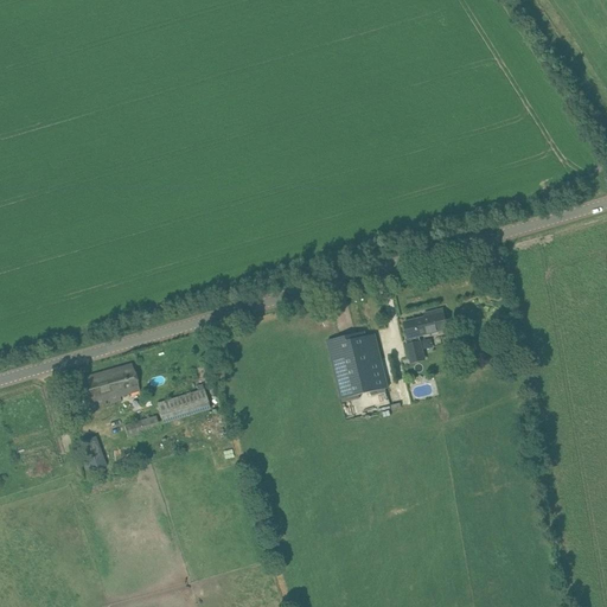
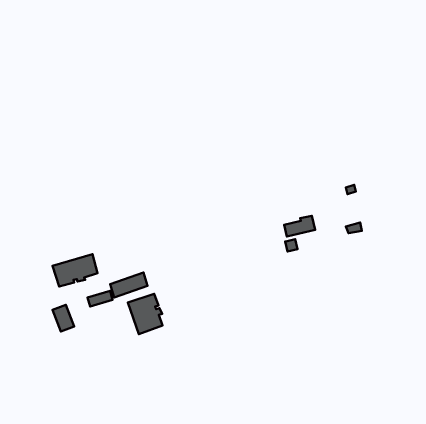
building: [327,331,388,397] -> none
building: none -> [128,294,162,334]

